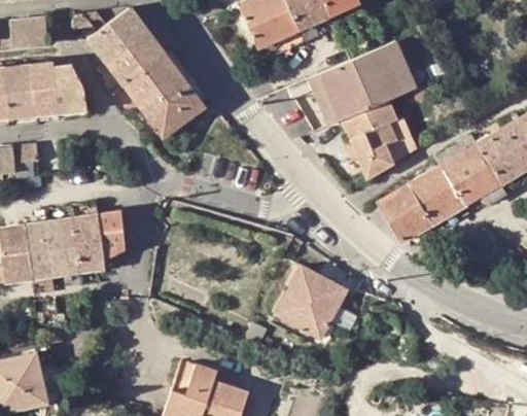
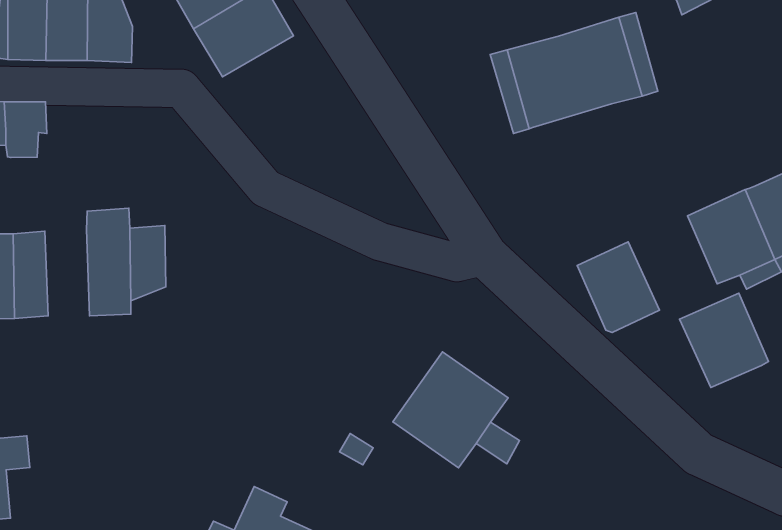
building: [144,81,204,138] -> none
building: [341,100,397,179] -> none
building: [409,164,467,224] -> [679,293,769,388]
building: [44,206,79,274] -> none

